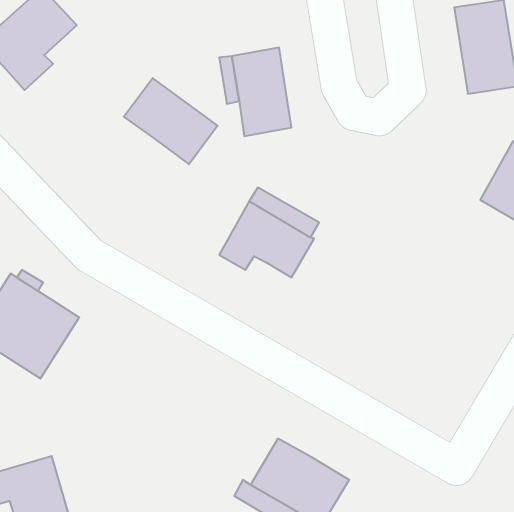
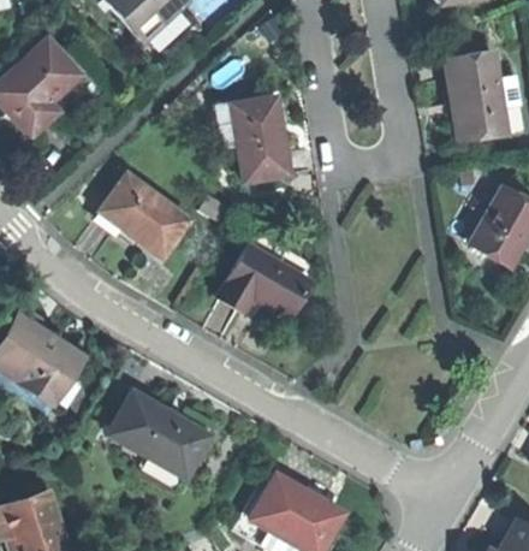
building: [124,78,218,164] -> [100,174,190,257]
building: none -> [108,391,210,478]

